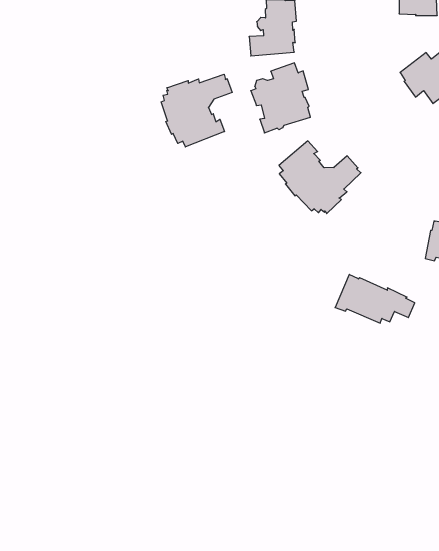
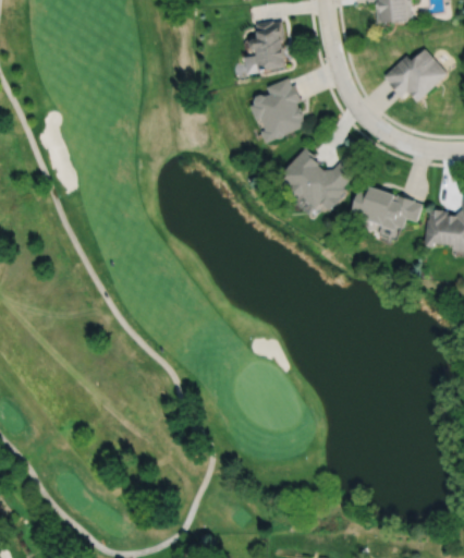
building: [161,74,232,147] -> none
building: [335,274,415,323] -> [351,186,423,228]

